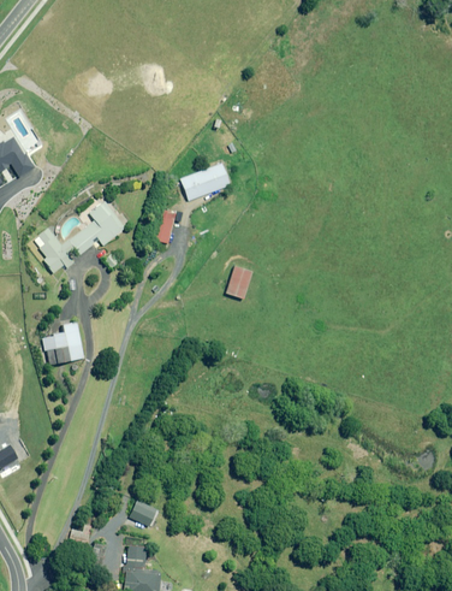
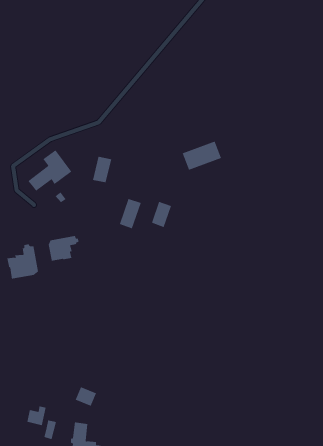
building: [180,162,231,200] -> [182,141,222,170]
building: none -> [119,198,141,229]
building: none -> [48,235,79,262]

